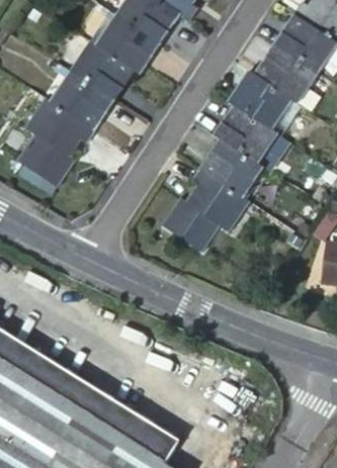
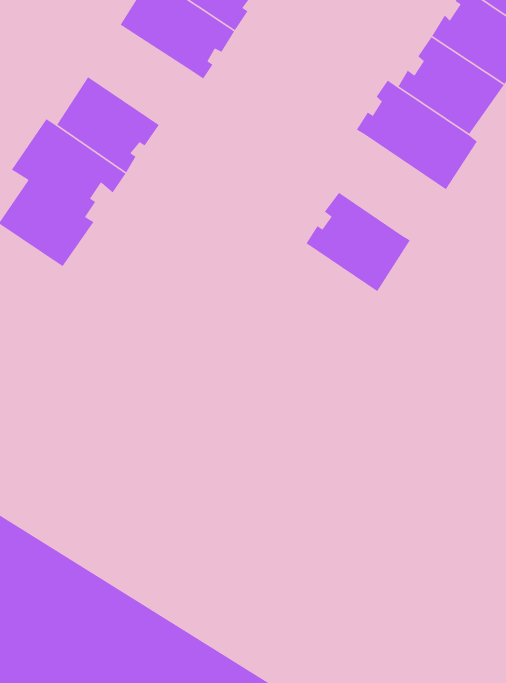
building: [68,41,132,101] -> none
building: [215,107,278,168] -> none
building: [163,173,250,252] -> none

